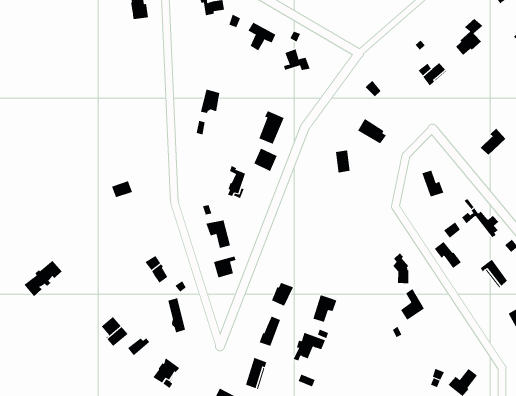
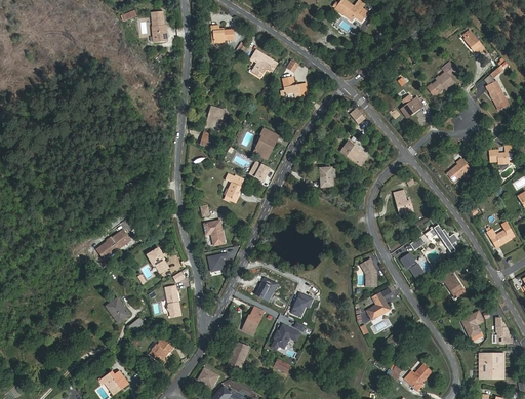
building: [23,260,63,297] -> [95,229,130,260]

